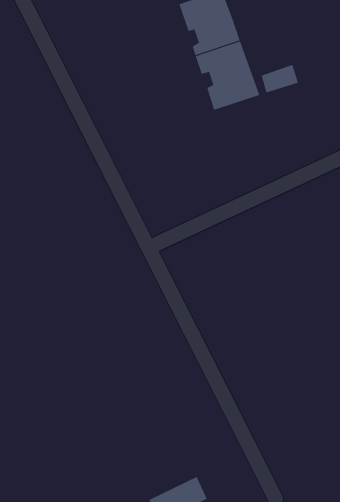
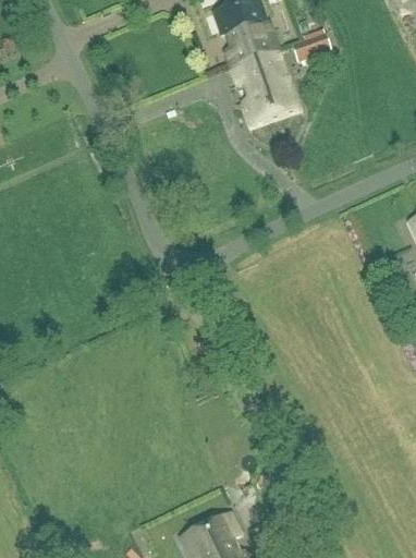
building: [261,64,299,93] -> [293,31,333,61]

